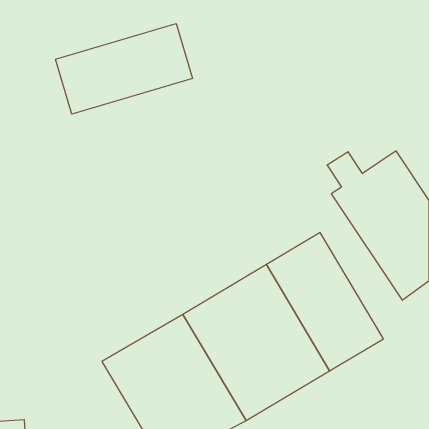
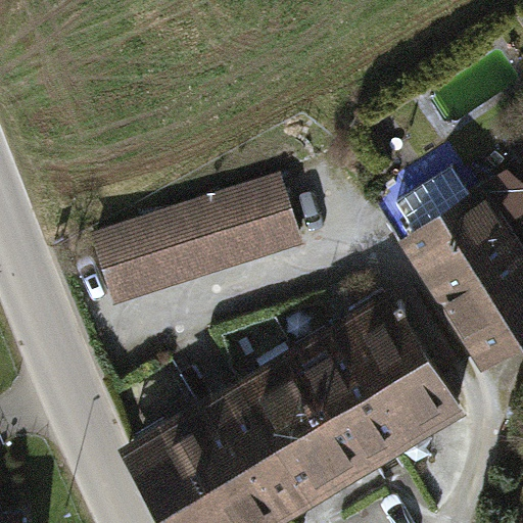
building: [56,24,192,114] -> none
building: none -> [93,181,302,308]

